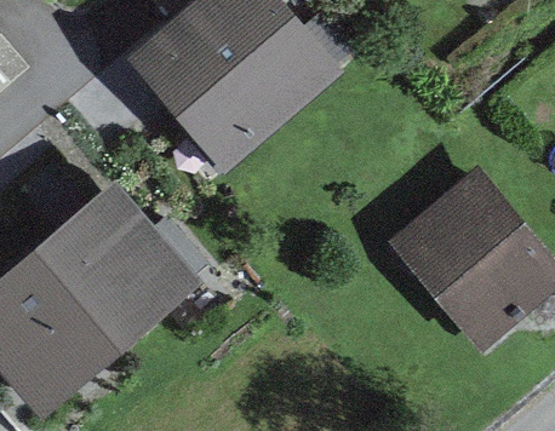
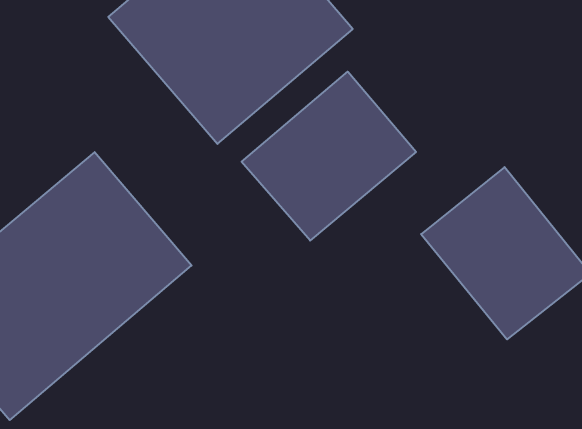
building: none -> [242,72,416,241]

